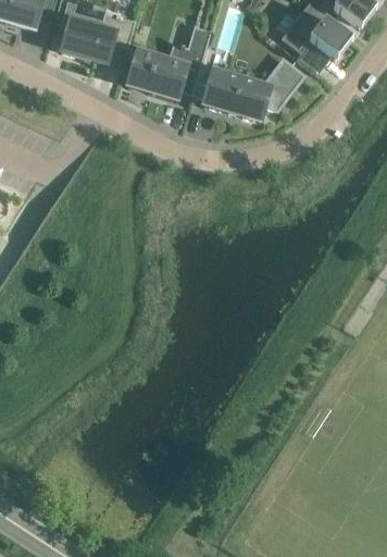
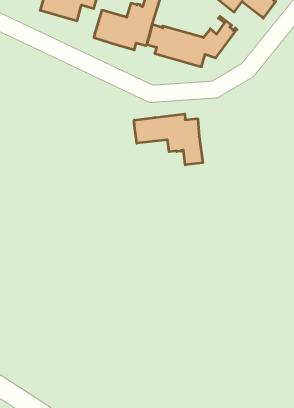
building: none -> [134,114,203,165]

